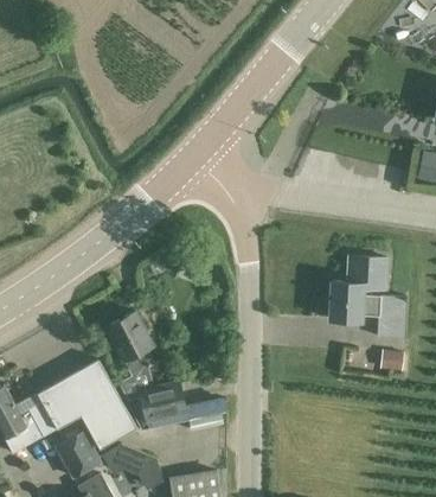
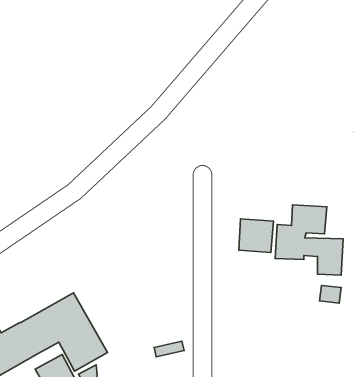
building: none -> [239,219,274,253]
building: [105,311,186,428] -> none

